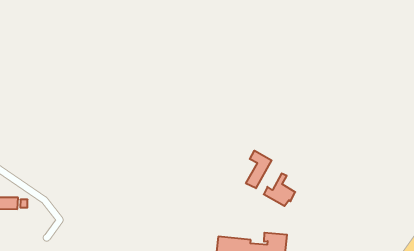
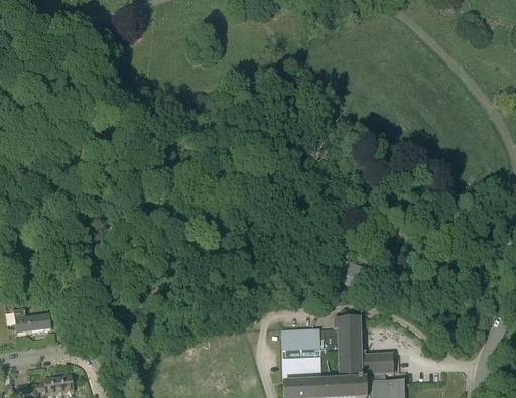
building: [246,151,272,188] -> none

